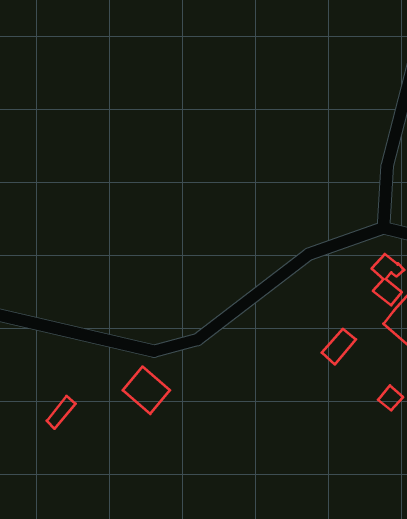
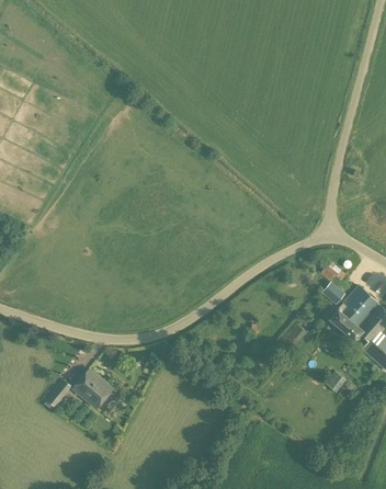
building: [123,367,170,414] -> [73,368,113,408]

